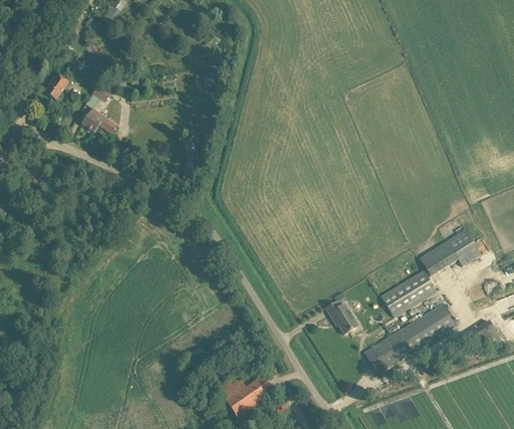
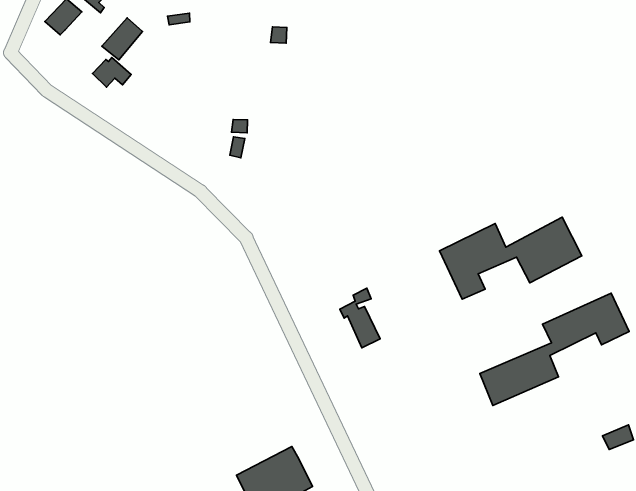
building: none -> [440,217,582,299]
building: [325,290,356,333] -> [340,288,380,348]
building: [364,304,456,373] -> none

